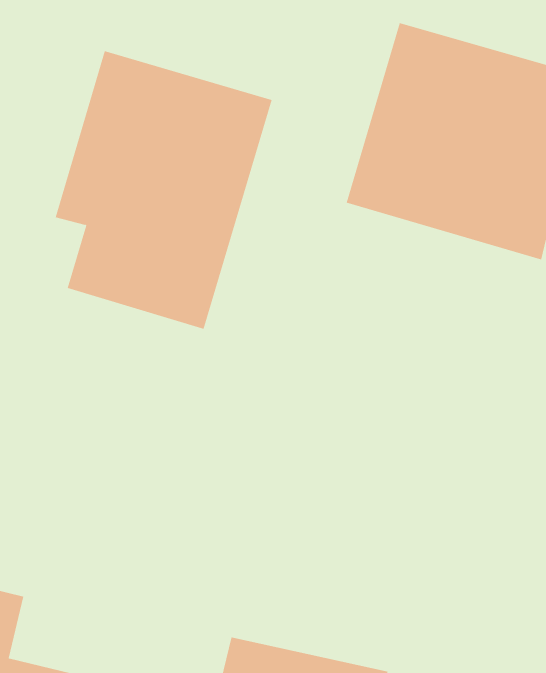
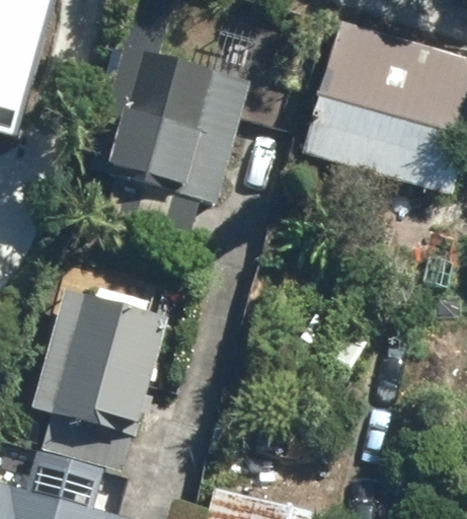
building: none -> [45,295,168,428]

